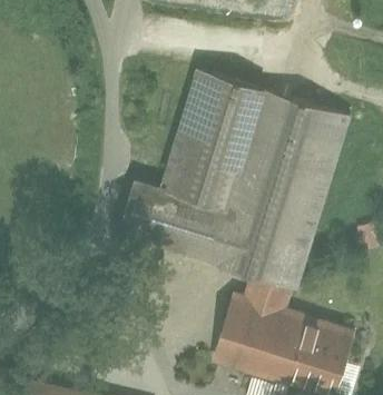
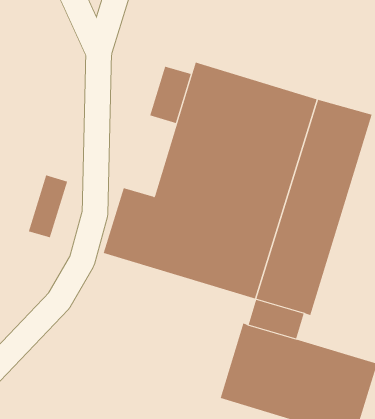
building: none -> [149,66,192,124]
building: none -> [28,175,68,238]

